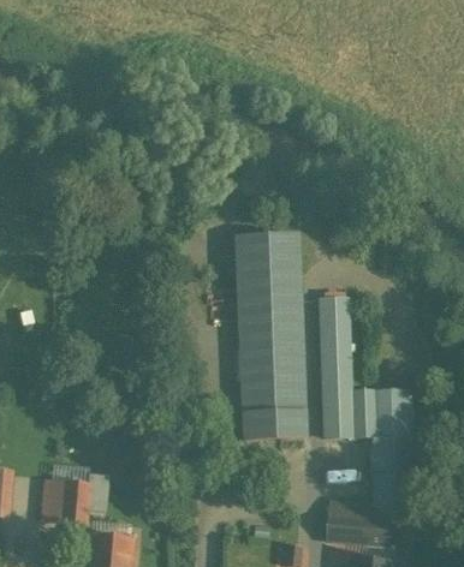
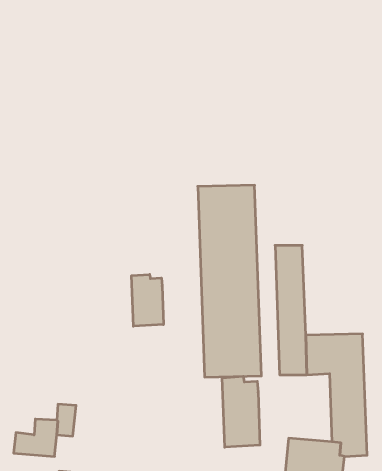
building: none -> [132,274,163,326]
building: none -> [222,376,260,447]

